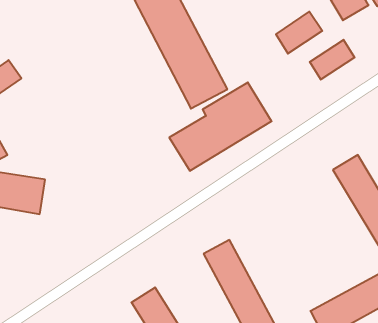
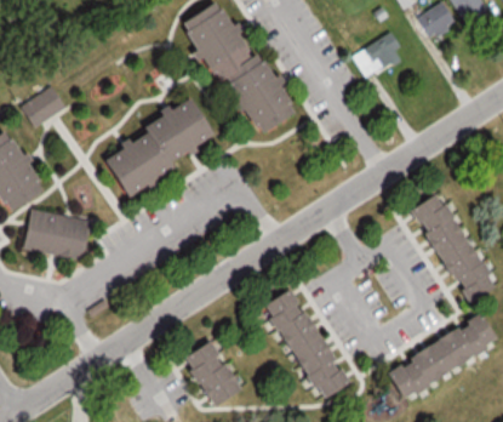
building: [310,40,355,80] -> none
building: [169,82,272,171] -> [109,96,224,195]

